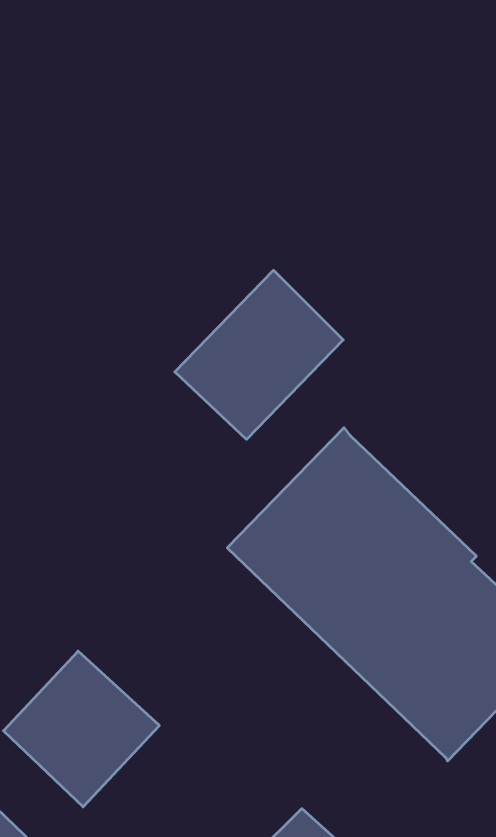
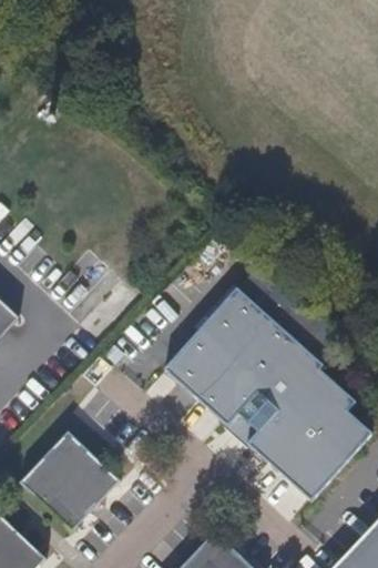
building: [175,270,343,439] -> none

